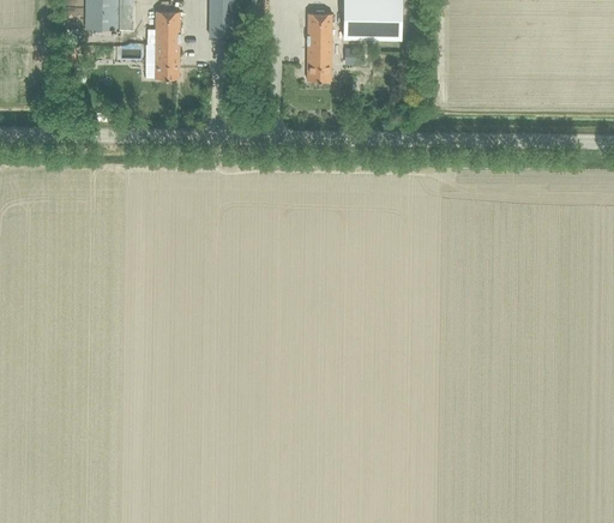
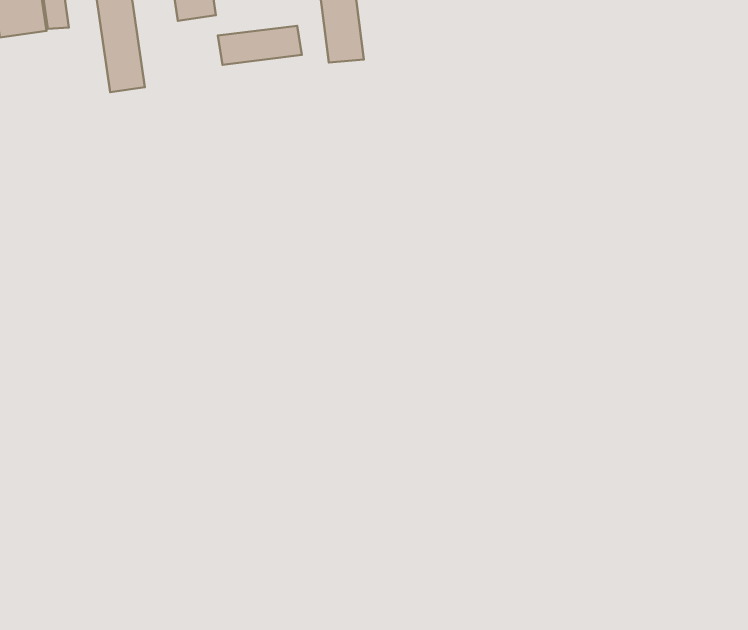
building: none -> [218,26,302,65]

